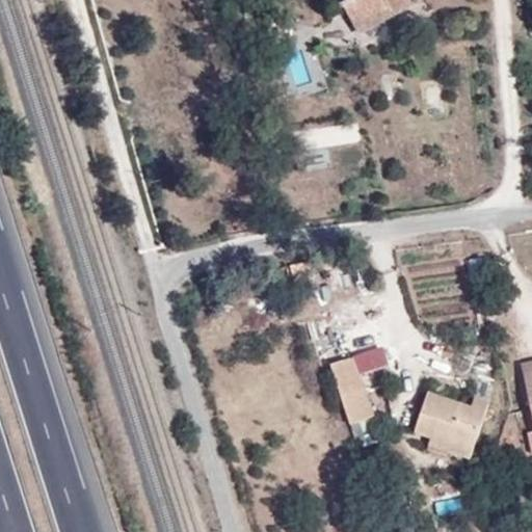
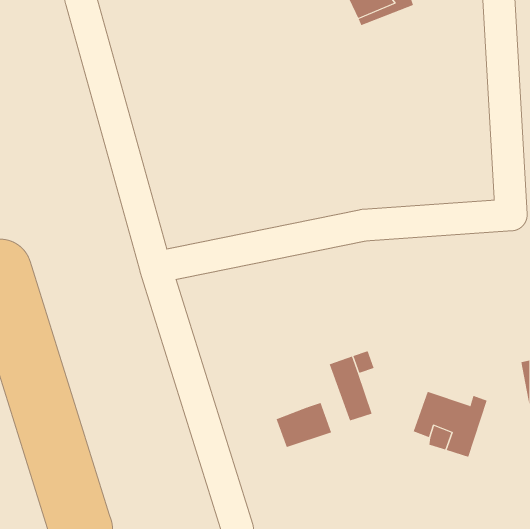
building: none -> [276,402,332,448]

